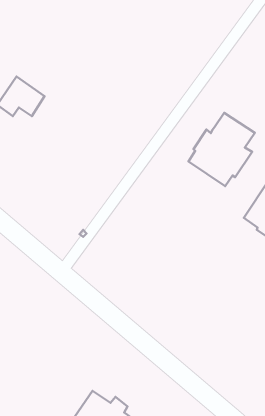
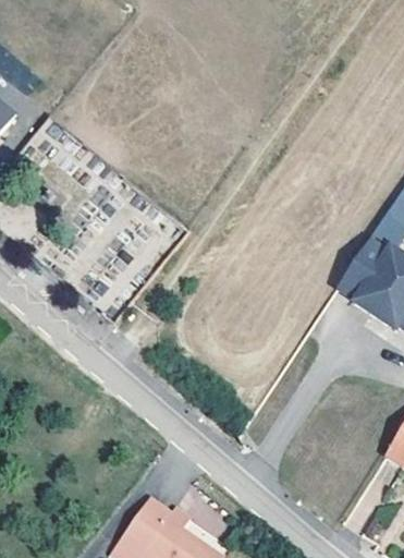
building: [188,113,255,186] -> none

